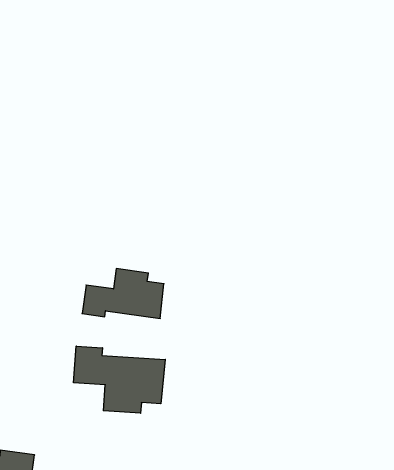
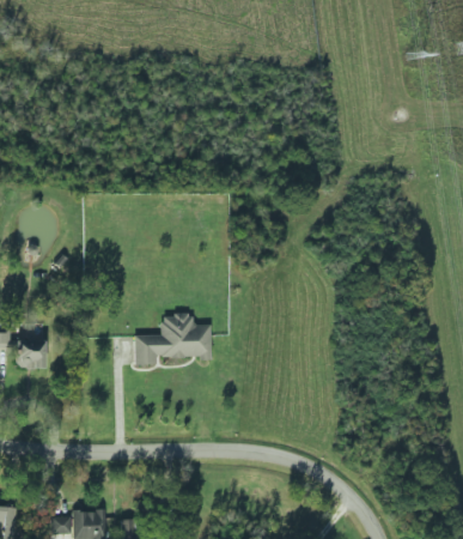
building: [74,346,165,413] -> none

